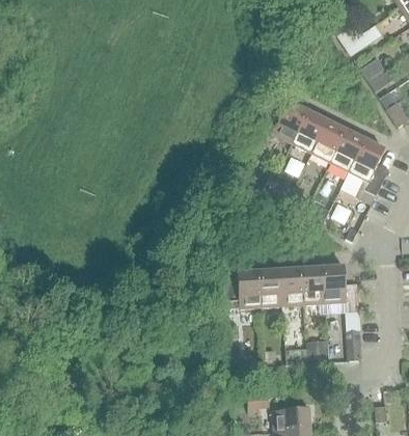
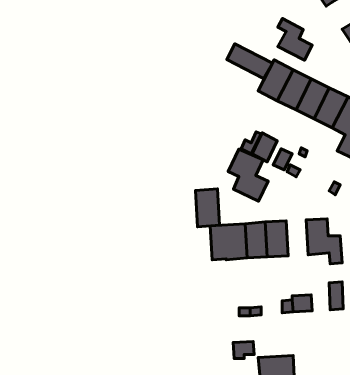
building: none -> [278,18,312,60]
building: none -> [227,44,272,79]
building: none -> [228,149,268,201]
building: none -> [195,189,220,227]
building: [301,267,324,304] -> none

